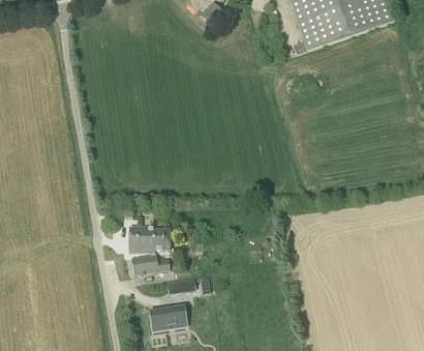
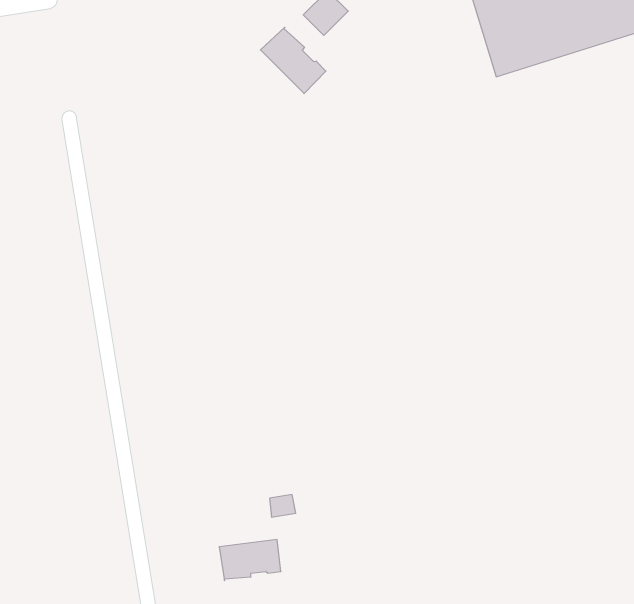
building: none -> [260,27,326,94]
building: [129,227,170,275] -> none

